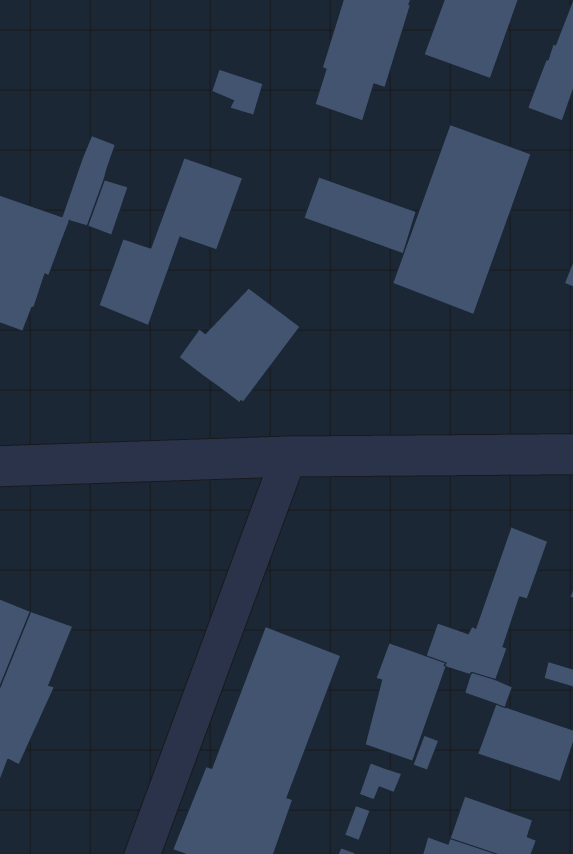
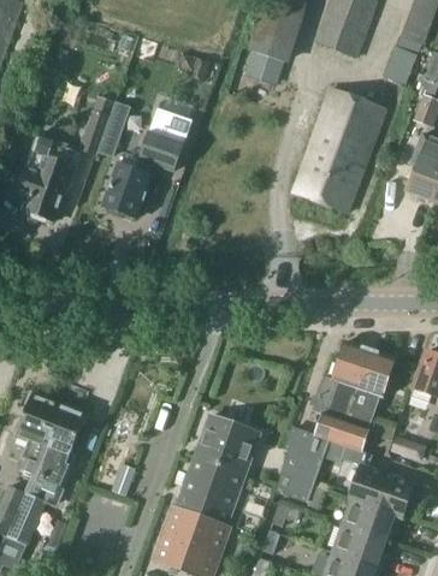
building: [304,177,416,254] -> none
building: [179,288,300,403] -> none
building: none -> [313,342,371,420]
building: none -> [341,498,403,541]

